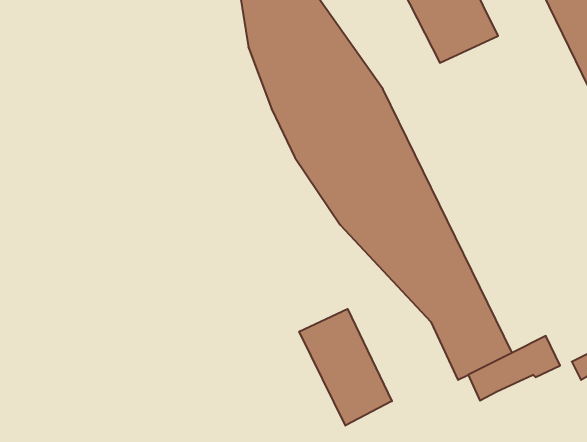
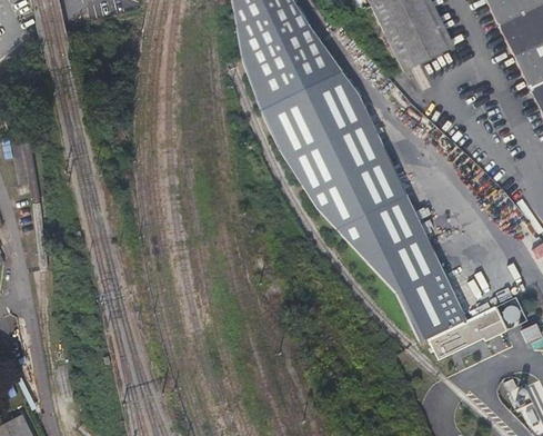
building: [299,309,392,426] -> none

